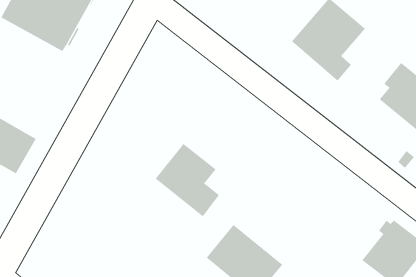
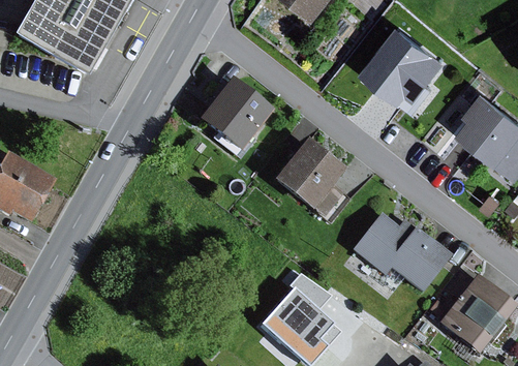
building: none -> [199,78,273,152]
building: [155,143,220,217] -> [274,139,351,225]
building: none -> [352,213,451,294]

